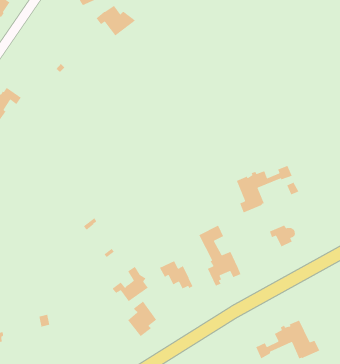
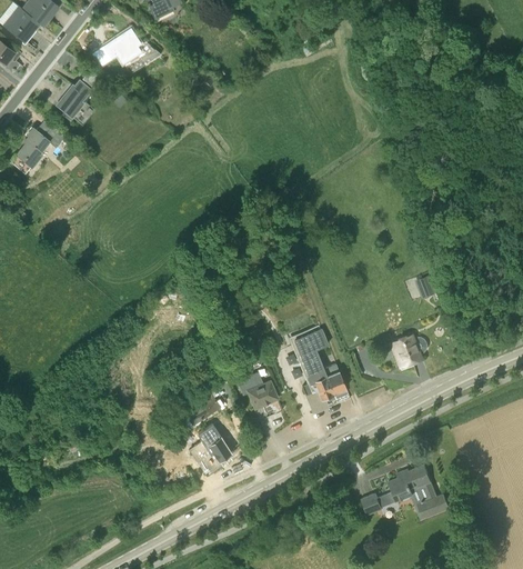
building: [95,5,136,37] -> [104,30,160,73]
building: none -> [57,80,91,118]
building: [236,165,293,214] -> none

